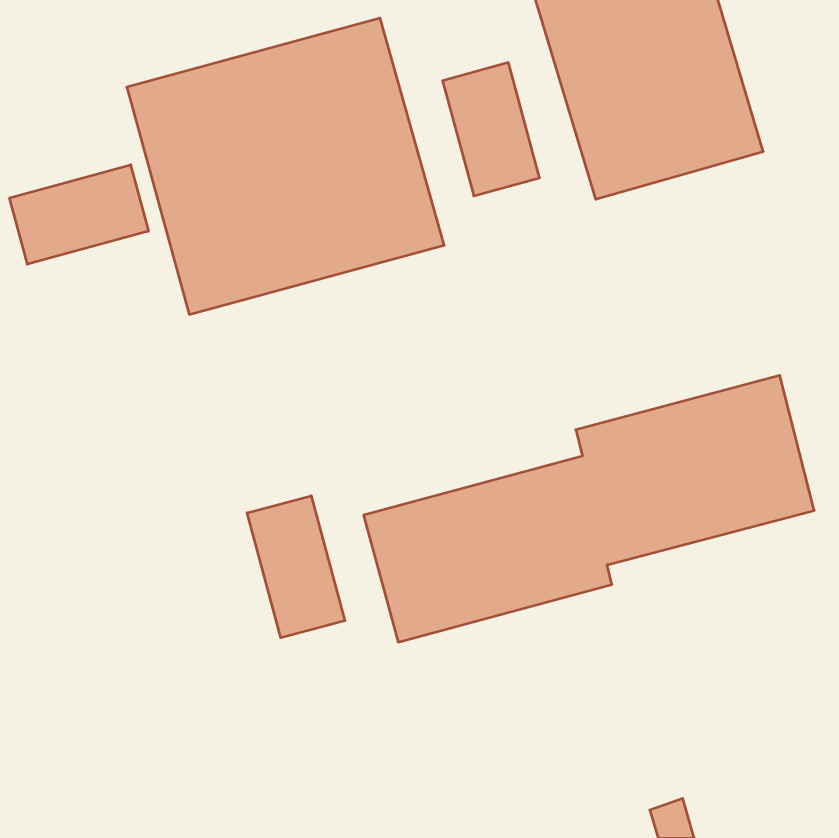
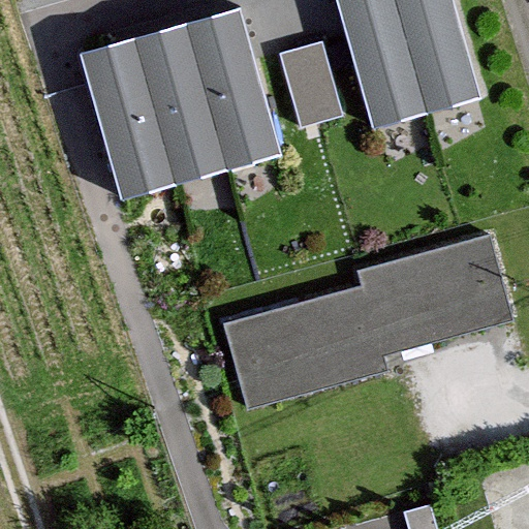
building: [10,165,148,264] -> none
building: [247,496,345,638] -> none

